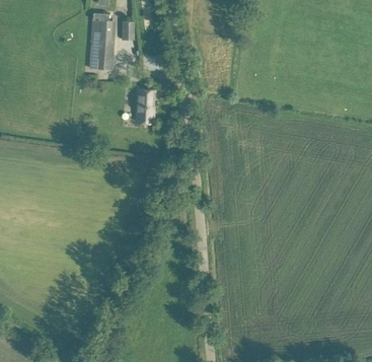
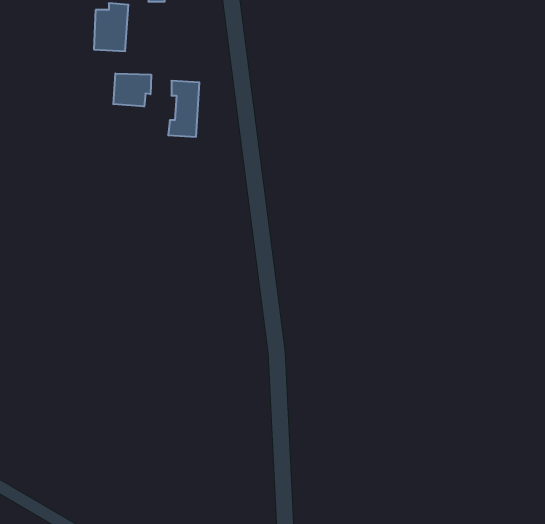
building: none -> [113,73,151,107]

